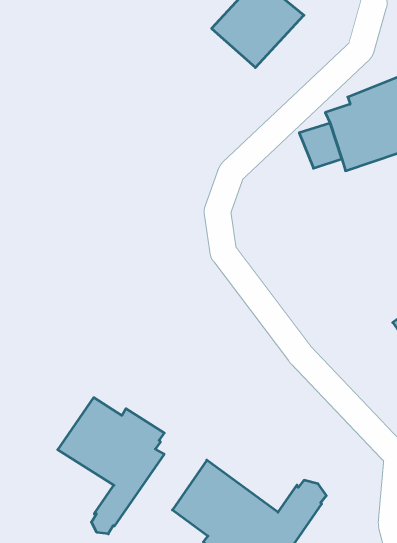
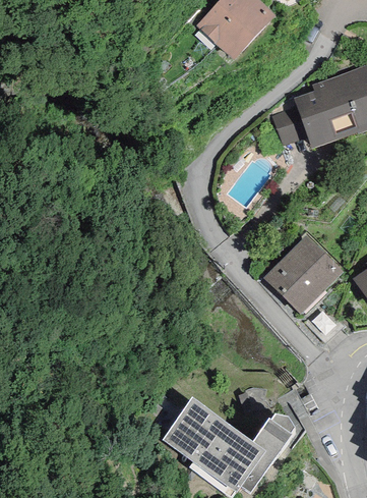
building: none -> [263,235,344,314]
building: [58,398,164,534] -> none

